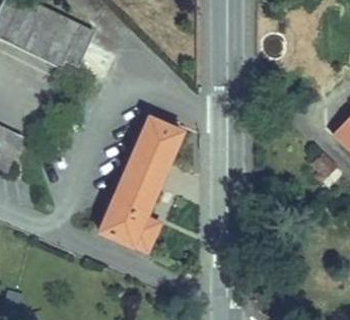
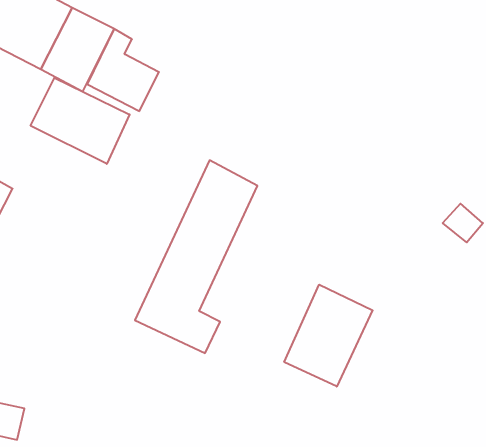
building: none -> [31,78,130,164]
building: none -> [284,285,373,387]

